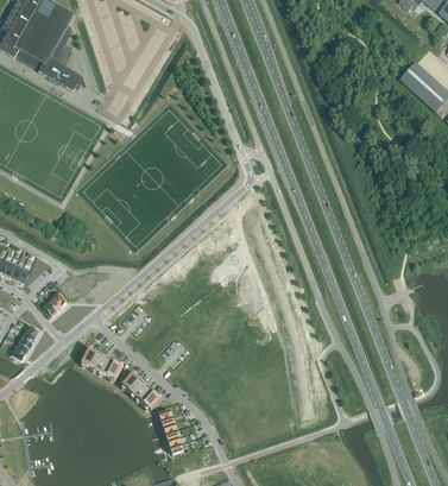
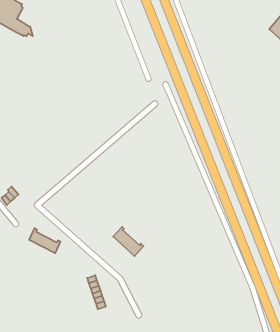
building: [121,371,162,410] -> [113,227,143,256]

